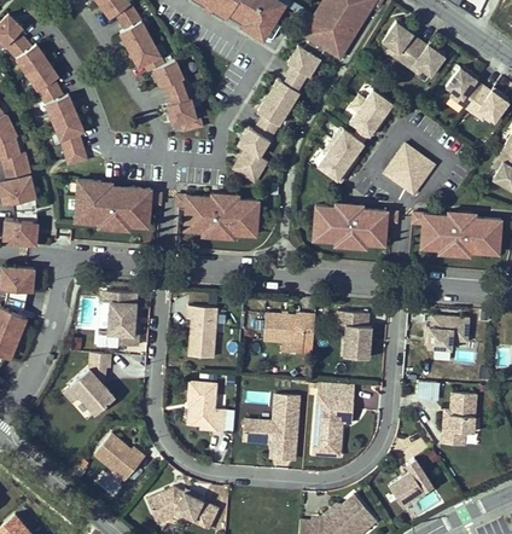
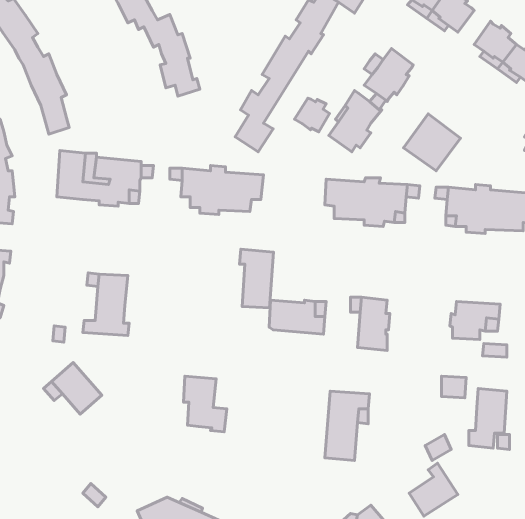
building: none -> [294,98,329,132]
building: [188,304,219,356] -> [240,249,273,308]
building: [243,394,298,452] -> none
building: [93,434,145,481] -> none

